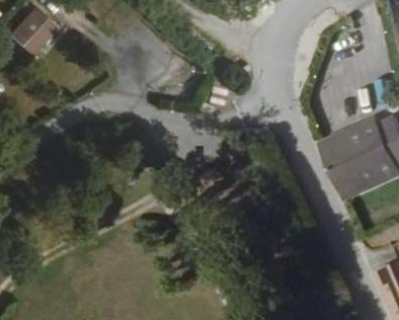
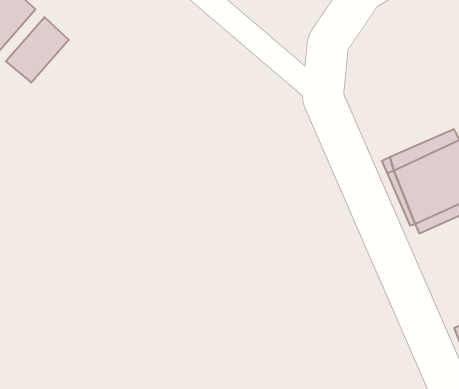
building: none -> [6,17,69,83]

